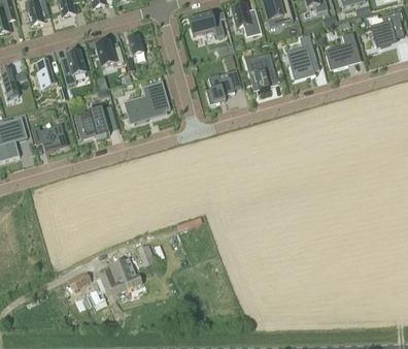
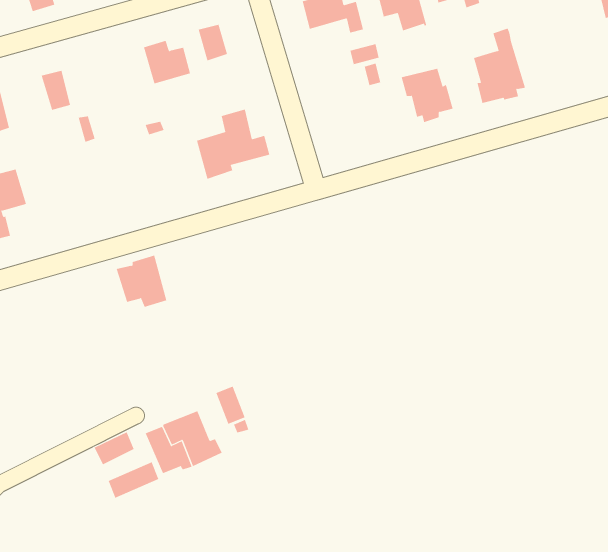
building: [326,32,360,69] -> none
building: [60,50,86,85] -> none
building: [206,69,239,104] -> none
building: [79,106,109,137] -> [116,255,167,308]
building: [31,124,64,152] -> none

